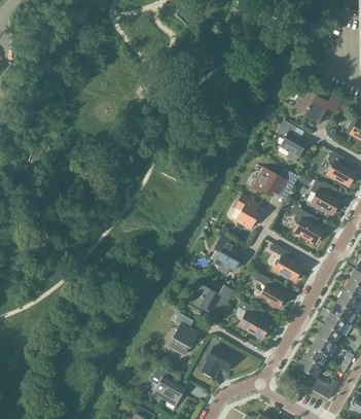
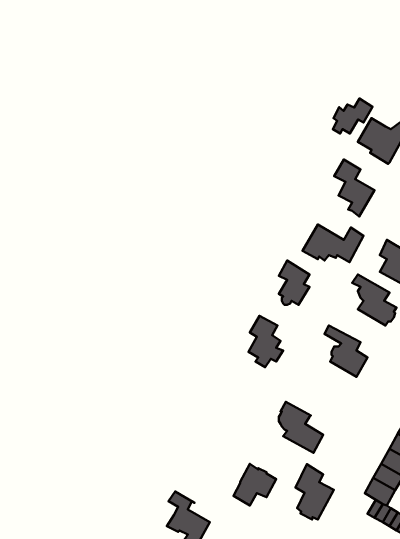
building: none -> [333,99,373,133]
building: [255,273,287,309] -> none
building: [190,284,233,313] -> none
building: [171,313,198,355] -> none
building: none -> [295,464,334,520]

